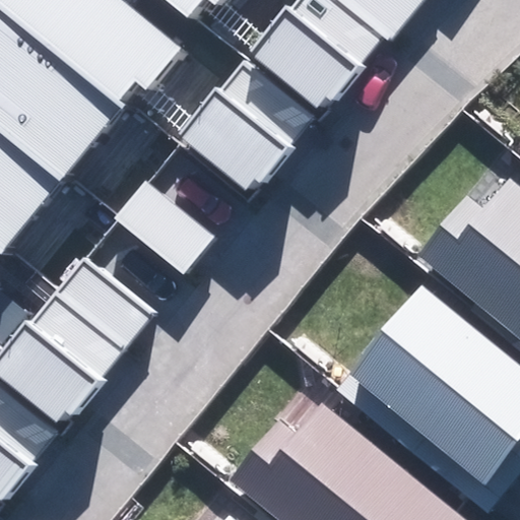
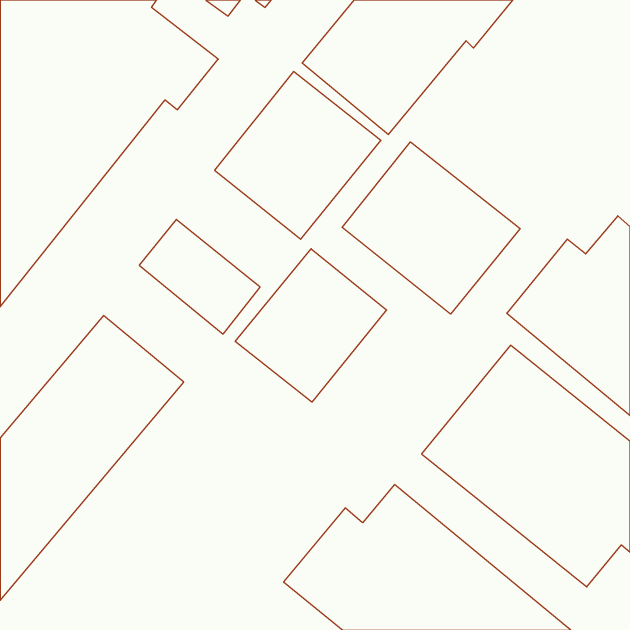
building: none -> [342,142,520,314]
building: none -> [235,249,387,402]

